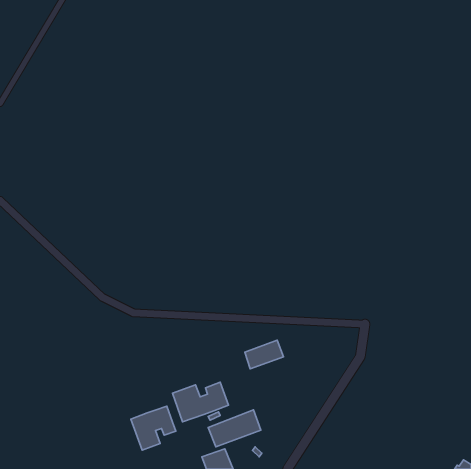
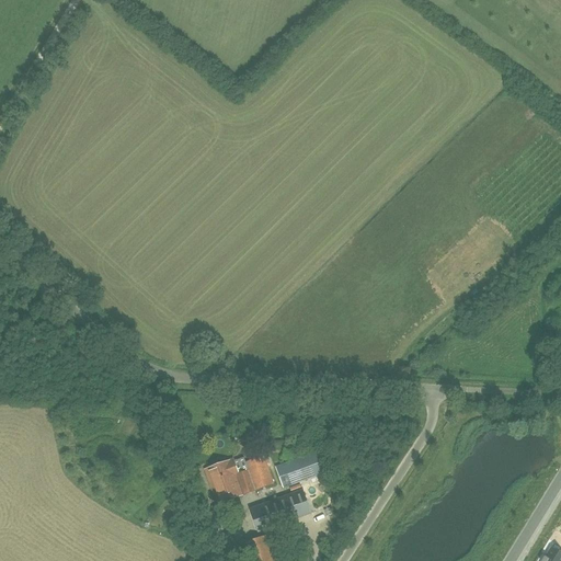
building: [245,340,283,369] -> [276,450,322,484]
building: [131,406,176,450] -> none

